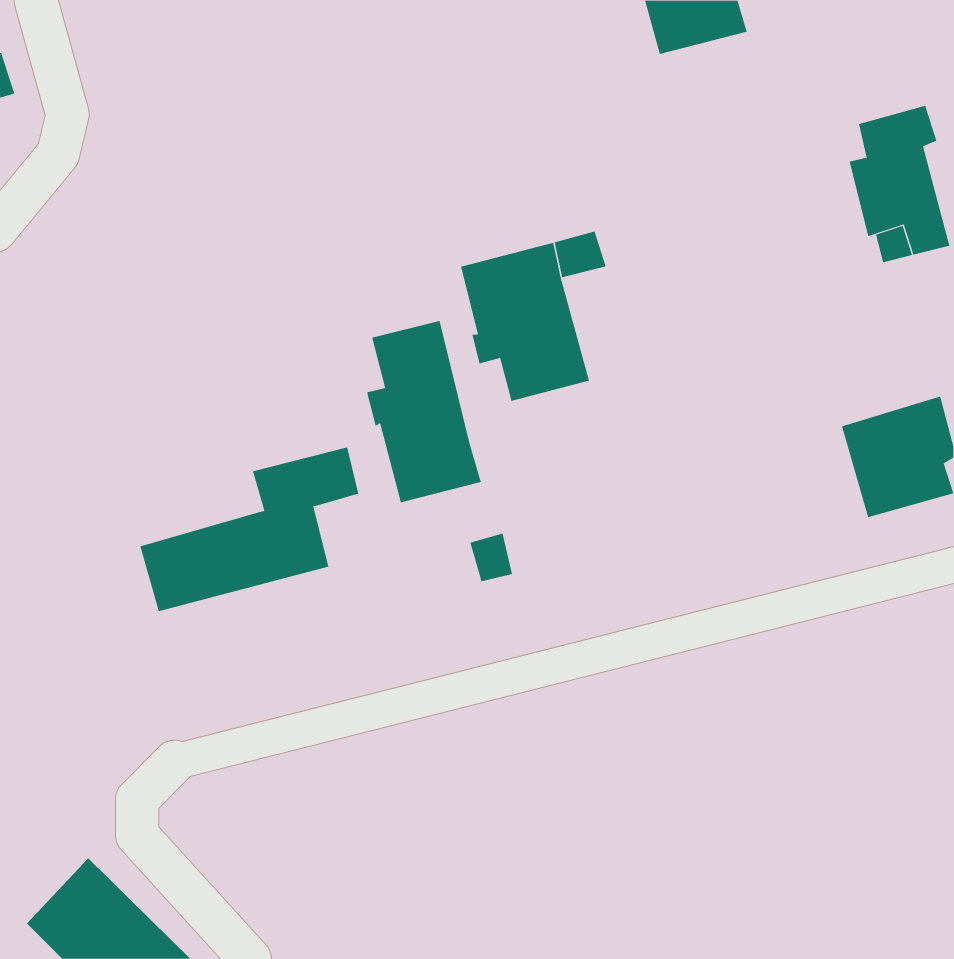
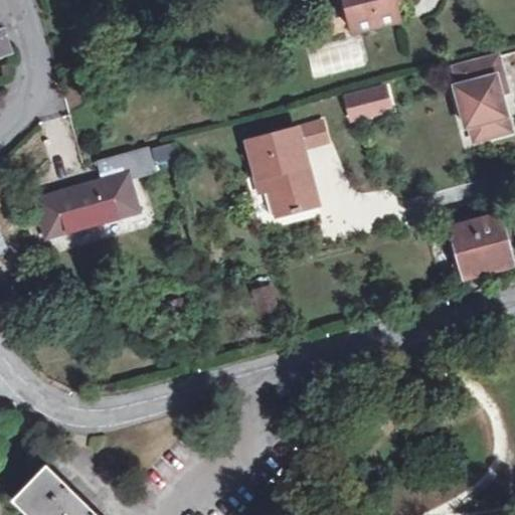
building: none -> [345,90,389,121]
building: [366,320,482,503] -> none
building: [139,447,359,612] -> [35,148,153,236]

